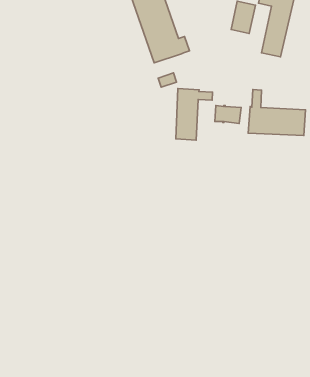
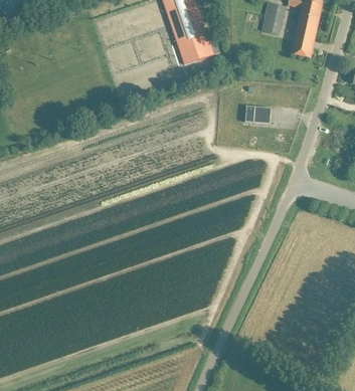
building: [176,88,213,140] -> none
building: [248,90,306,135] -> none

